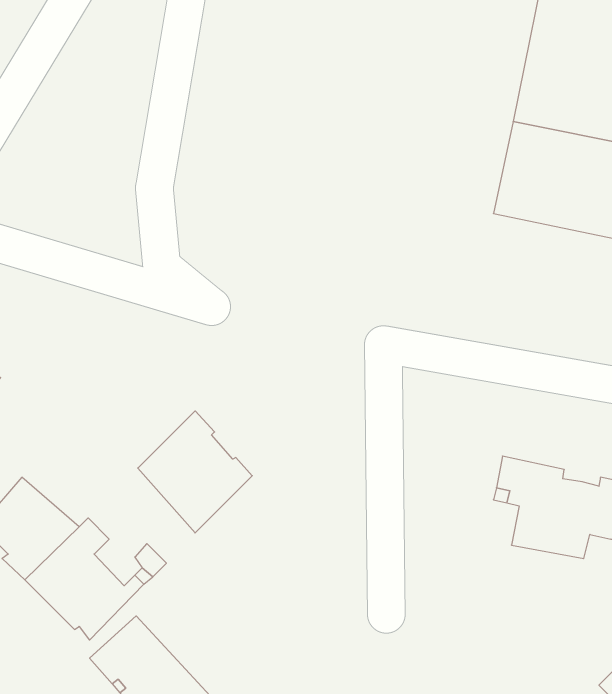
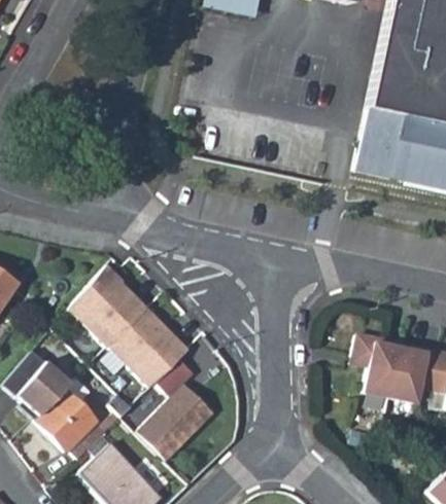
building: none -> [69,263,151,345]
building: none -> [137,358,215,461]

